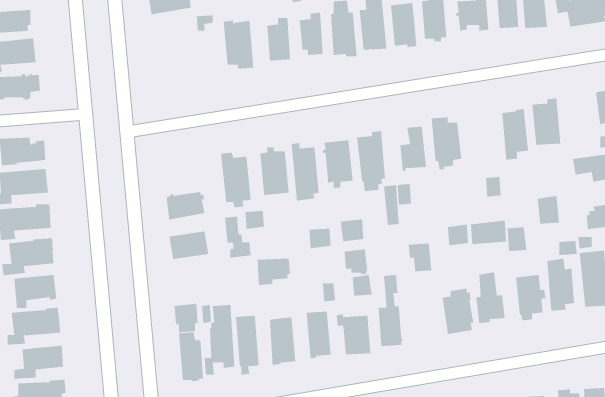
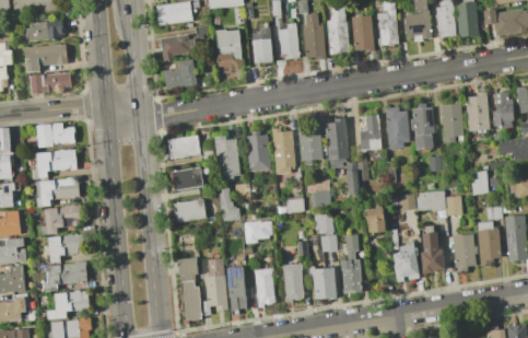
building: none -> [160,34,196,60]
building: none -> [163,59,196,89]
building: none -> [492,91,514,128]
building: none -> [410,104,434,150]
building: none -> [167,135,199,159]

